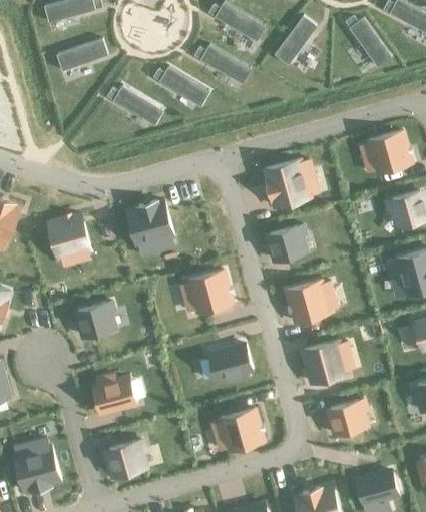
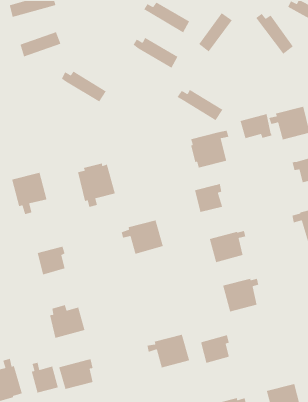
building: [152,69,209,108] -> [176,89,223,121]
building: none -> [240,113,273,139]
building: [209,343,253,384] -> none
building: [329,400,365,436] -> [200,334,230,364]
building: none -> [31,362,59,394]

